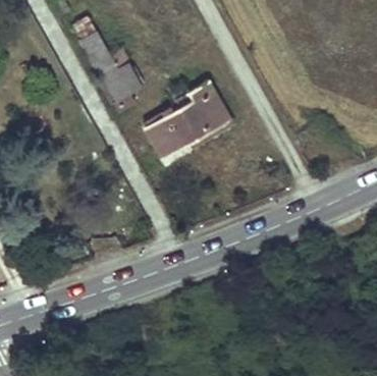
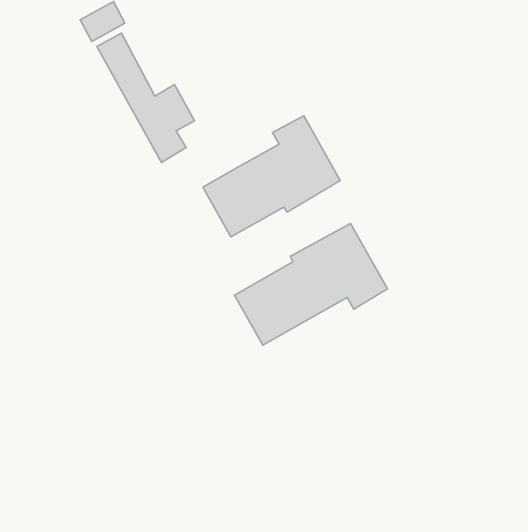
building: none -> [234,224,388,345]

